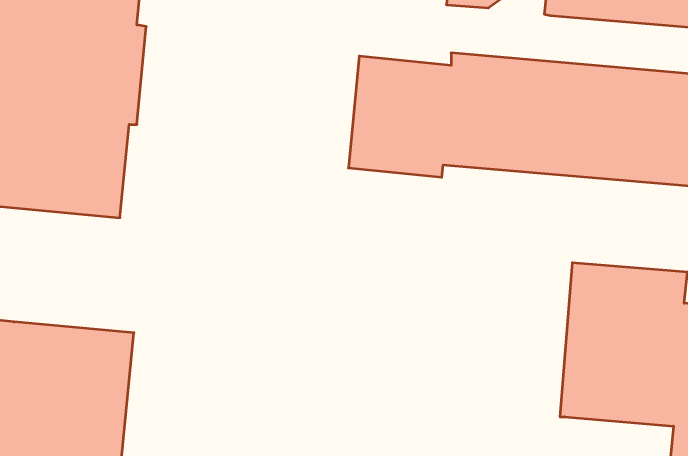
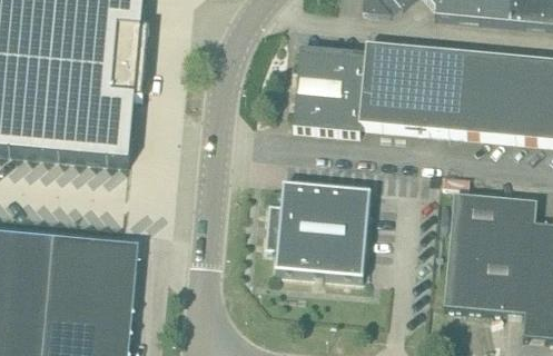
building: none -> [265,181,372,277]

